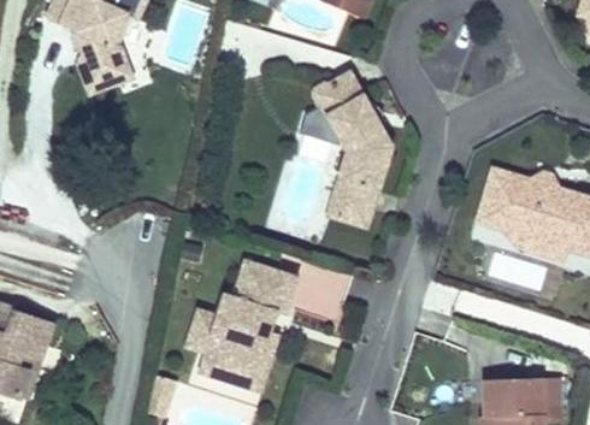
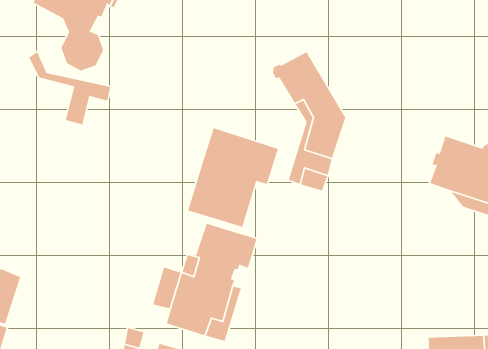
building: none -> [28,51,111,125]
building: none -> [187,127,279,228]
building: [294,264,352,320] -> none

